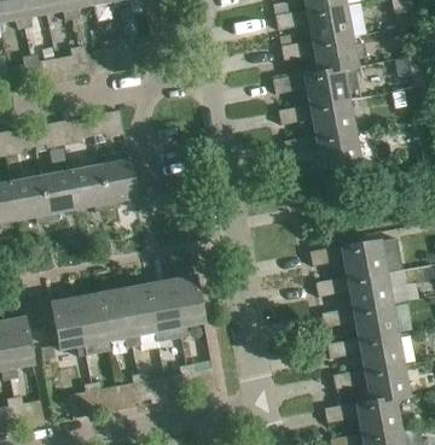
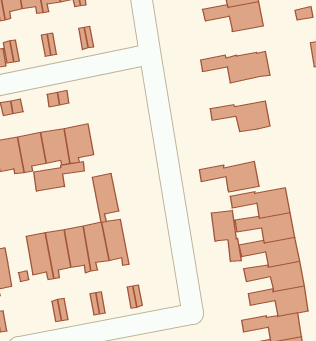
building: [282,34,359,72] -> none
building: [279,98,355,136] -> [199,161,259,192]
building: none -> [34,162,84,191]
building: none -> [211,210,241,262]
building: [172,274,205,335] -> [92,174,119,222]

